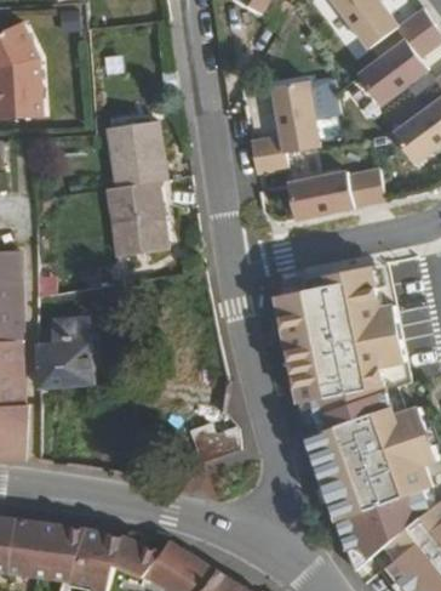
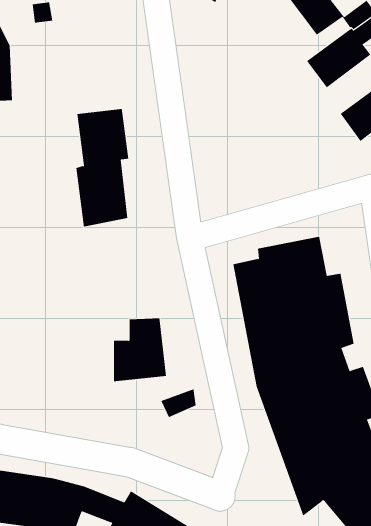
building: [250,80,320,172] -> none
building: [291,167,388,218] -> none
building: [36,319,94,388] -> [113,318,167,382]

